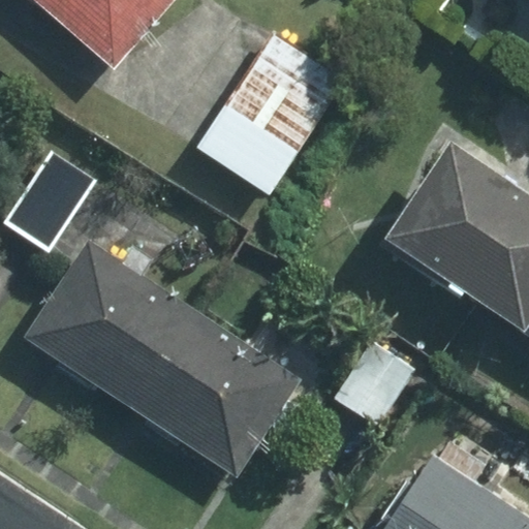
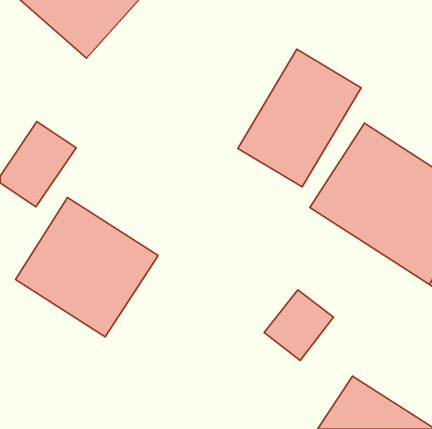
building: [196,29,345,195] -> [238,49,361,187]
building: [133,309,306,477] -> none

